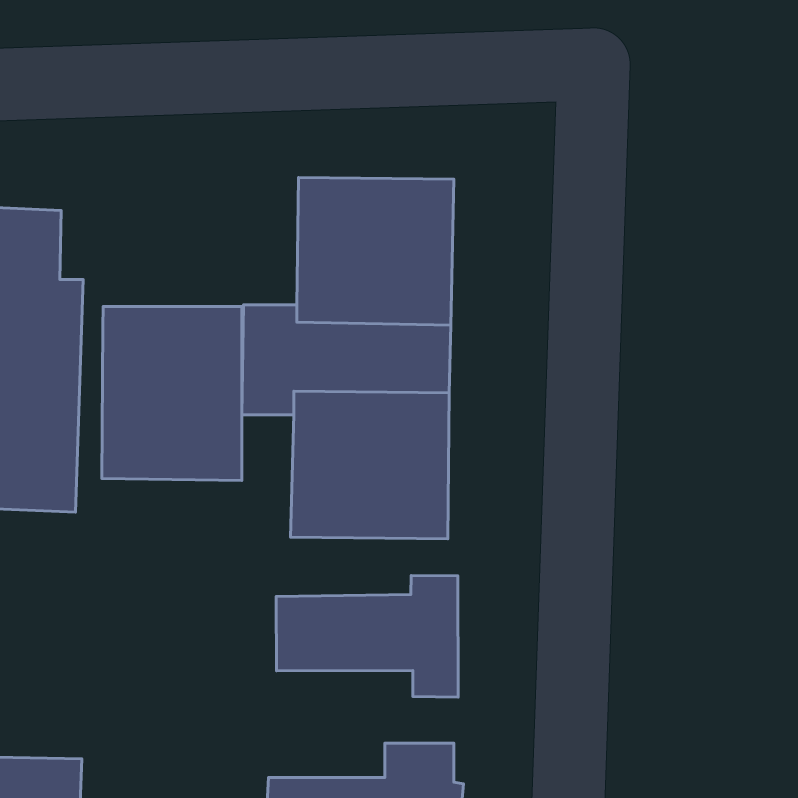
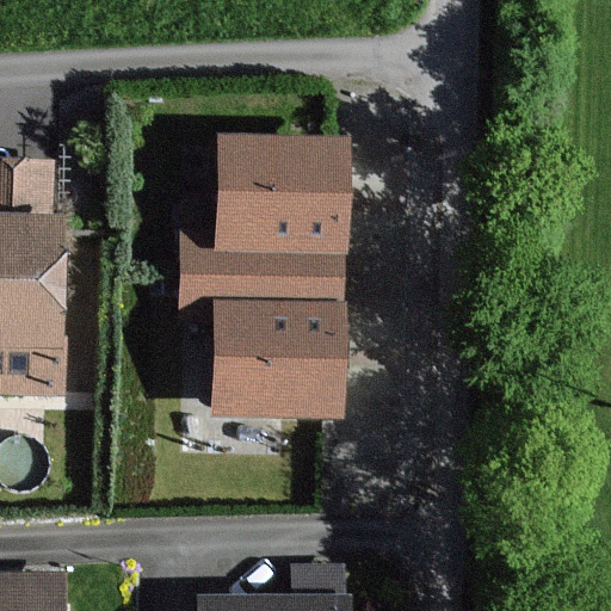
building: [102,307,242,480] -> none
building: [276,575,458,697] -> none

